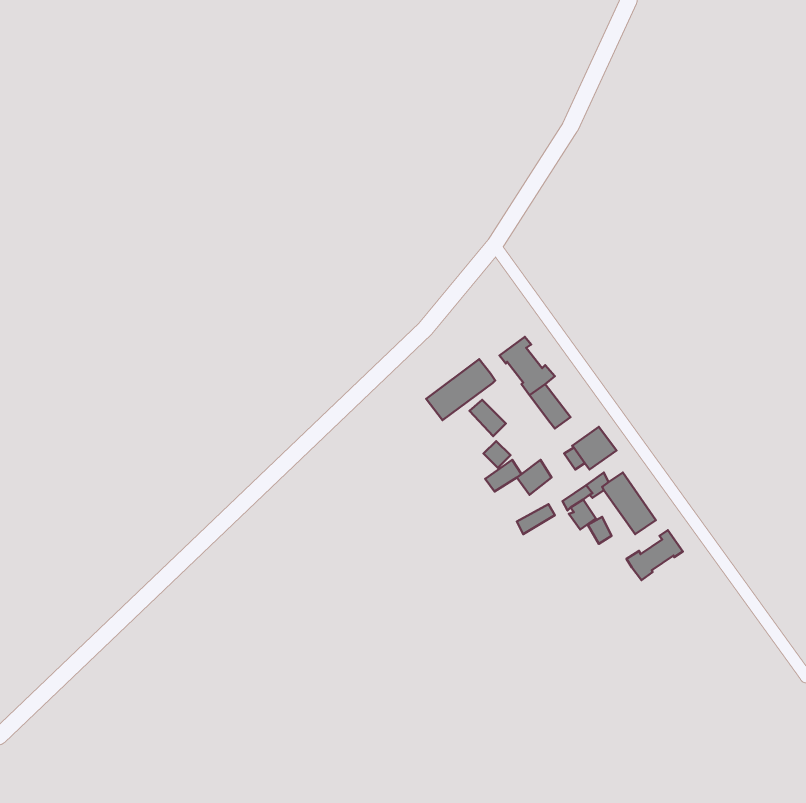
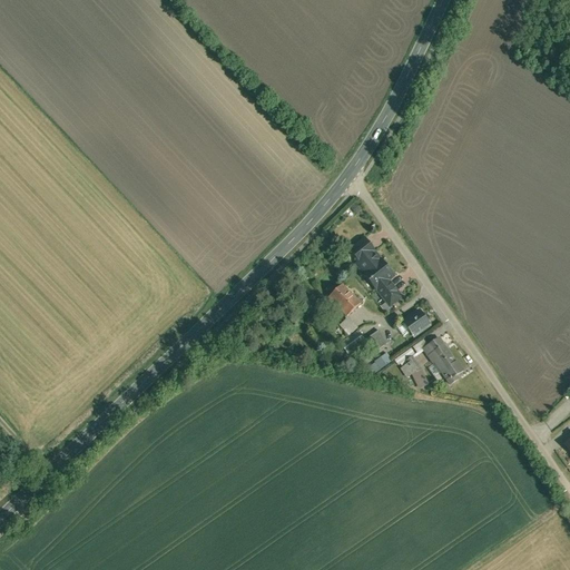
building: [426,359,495,420] -> none
building: [627,530,683,580] -> none

